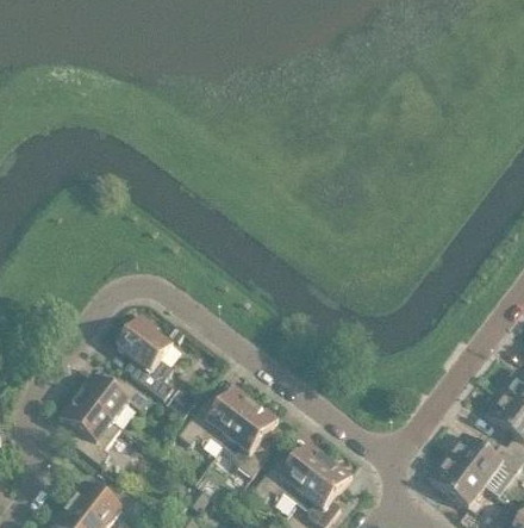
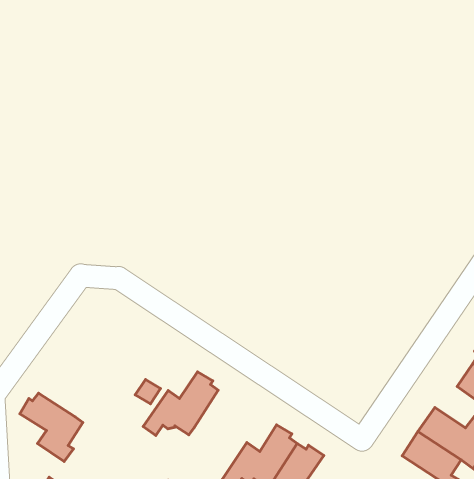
building: [116,315,171,400] -> none
building: [77,373,150,423] -> none
building: [227,405,277,478] -> none

